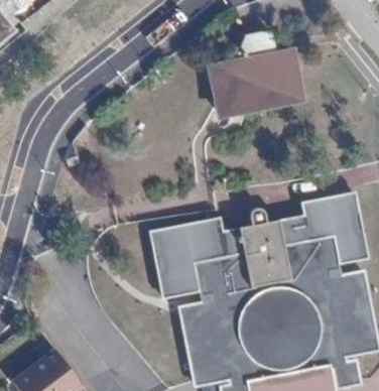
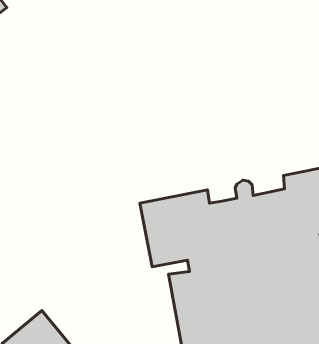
building: [205,24,304,115] -> none

